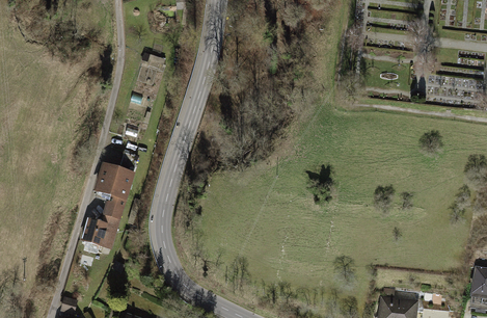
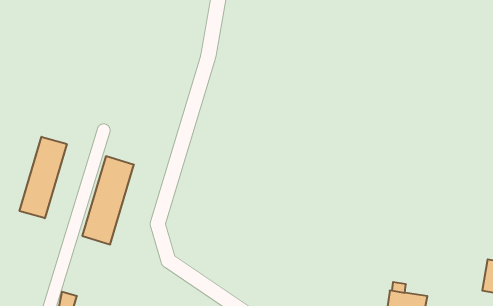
building: none -> [20,137,67,218]

